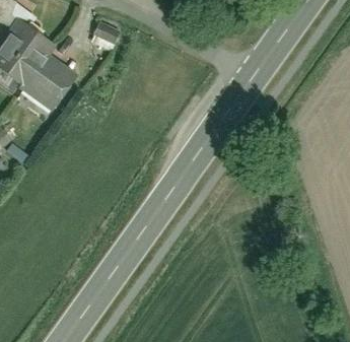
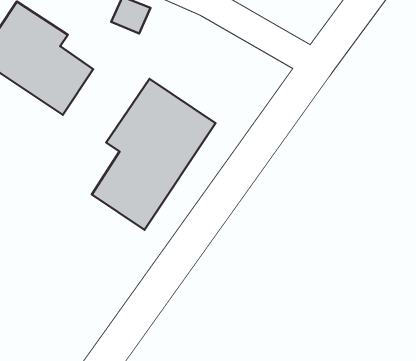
building: none -> [92,79,216,230]

